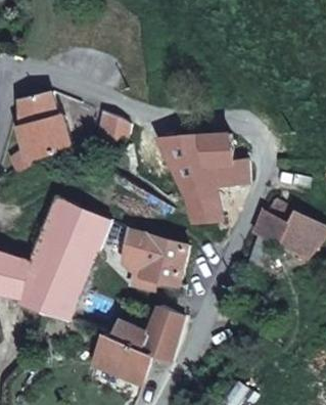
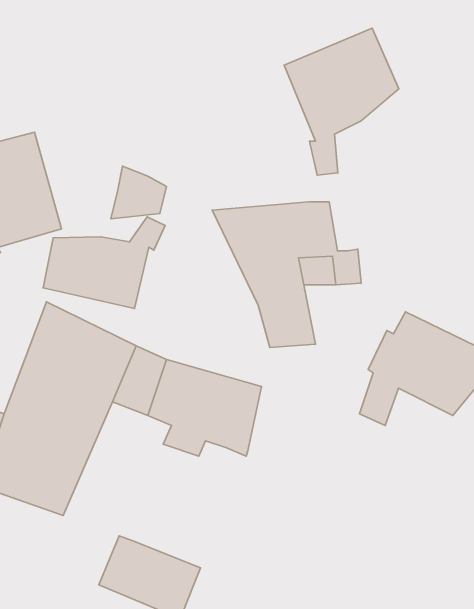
building: none -> [284,28,399,175]
building: none -> [43,217,165,309]
building: [109,304,185,361] -> none

